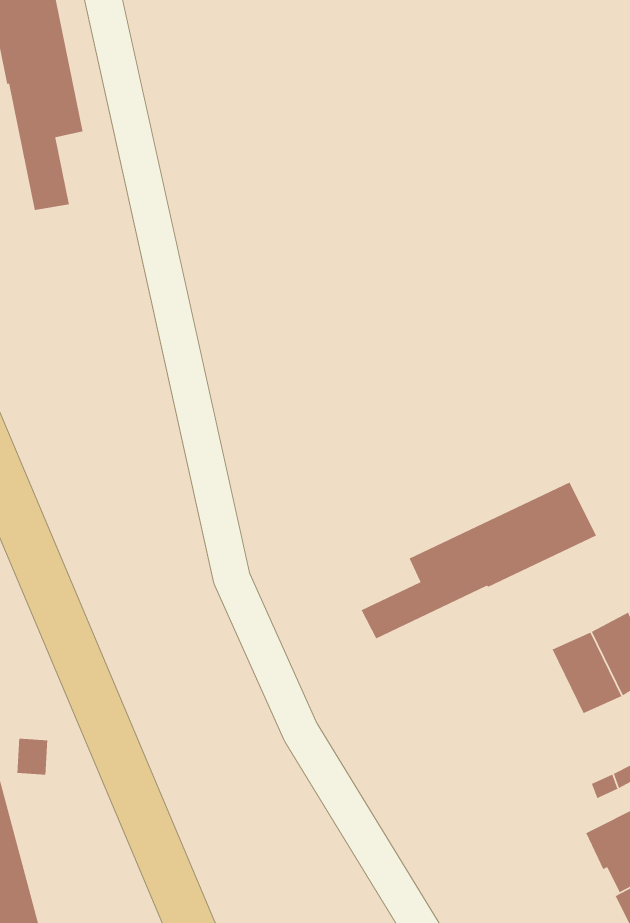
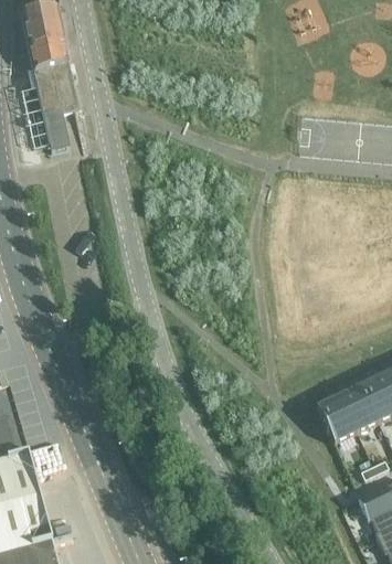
building: [360,481,597,639] -> none
building: none -> [317,396,357,444]

